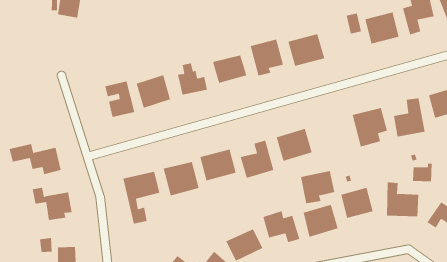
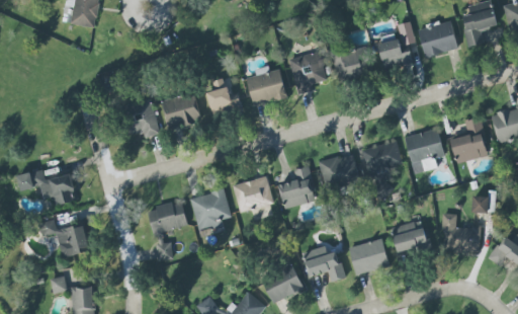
building: none -> [377,38,412,68]
building: [300,171,335,204] -> [362,141,402,178]

